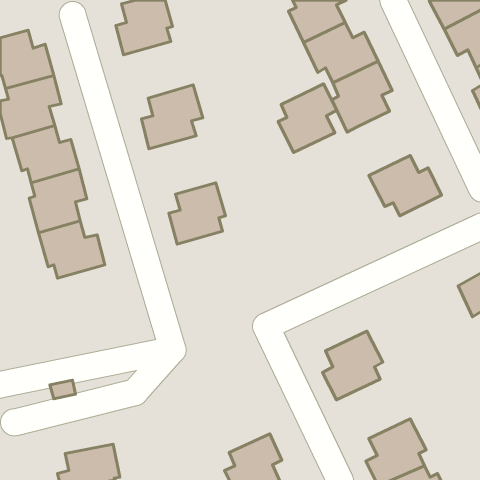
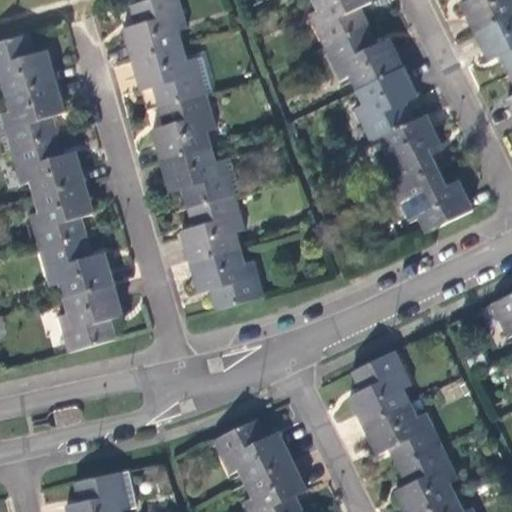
building: none -> [133,46,211,106]
building: [278,84,337,153] -> [377,115,439,188]
building: none -> [160,146,239,208]
building: none -> [190,247,259,309]
building: none -> [61,283,122,350]
building: none -> [359,404,437,467]
building: none -> [212,420,288,482]

